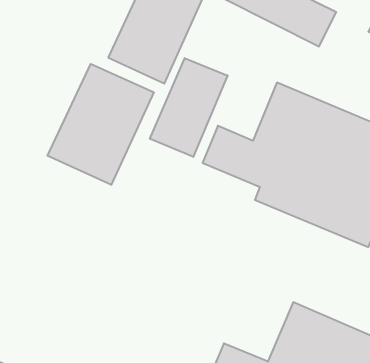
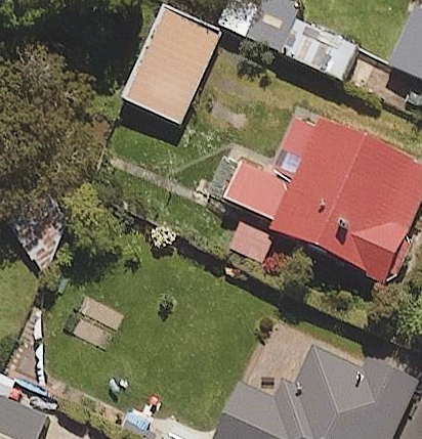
building: [150,58,228,157] -> none
building: [47,64,154,185] -> none

